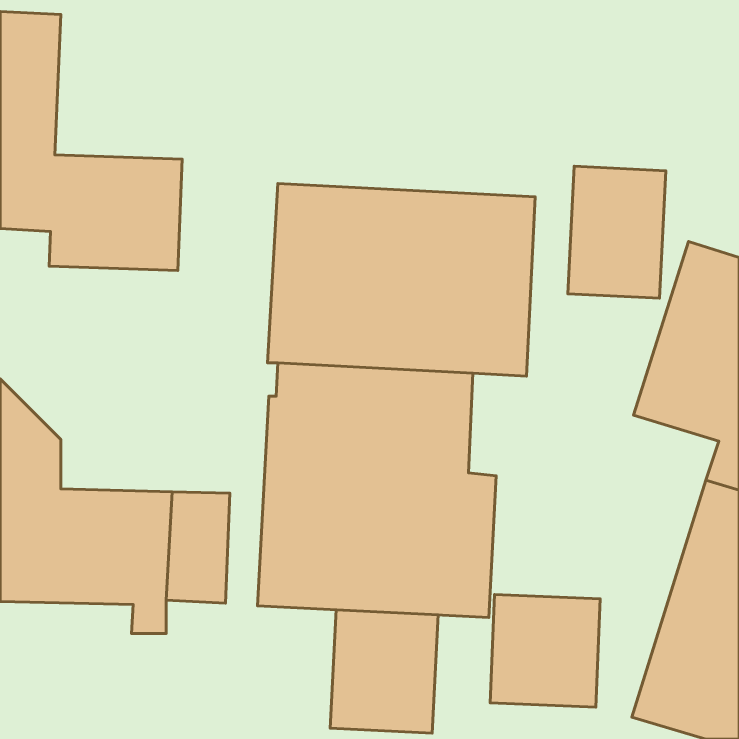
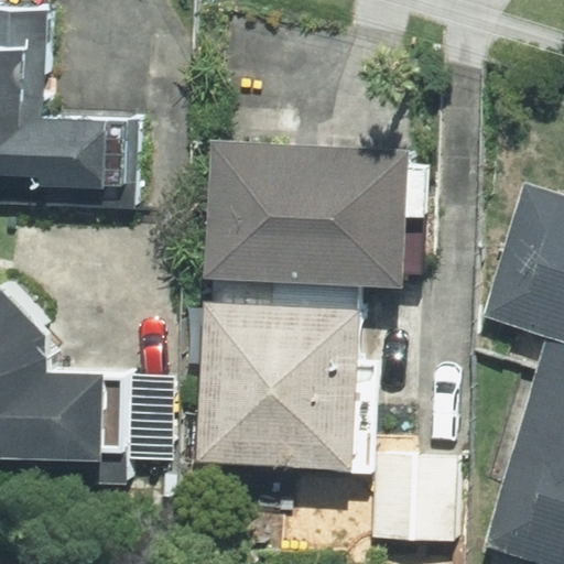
building: [568,166,666,298] -> none
building: [330,610,438,733] -> none

